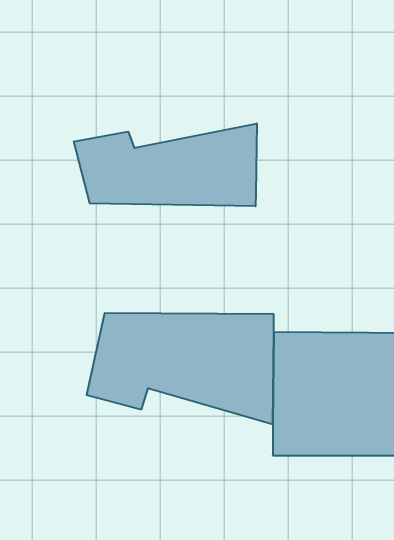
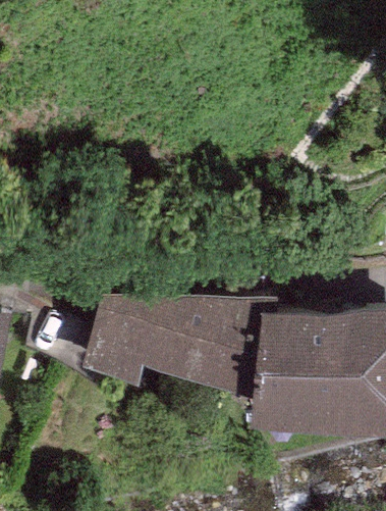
building: [74,123,257,206] -> none

